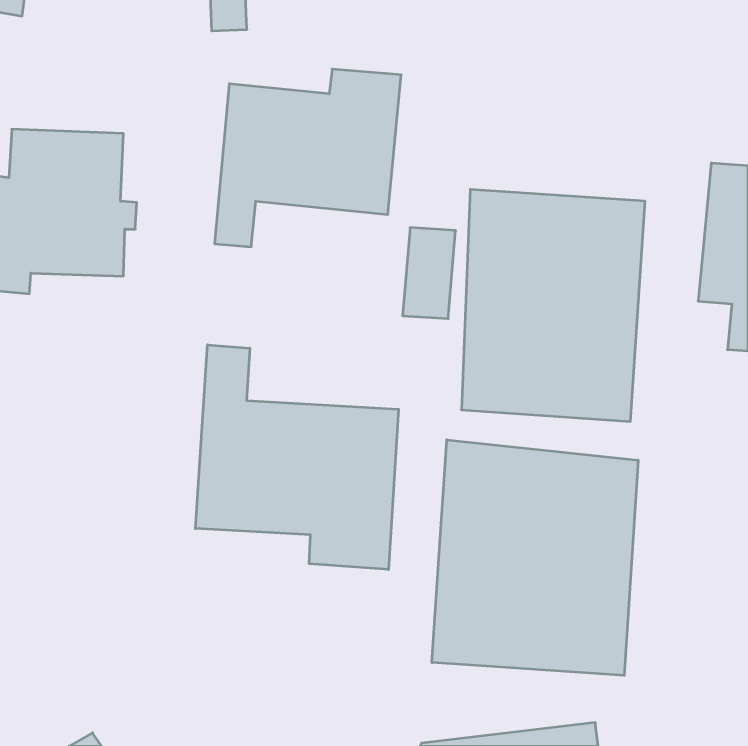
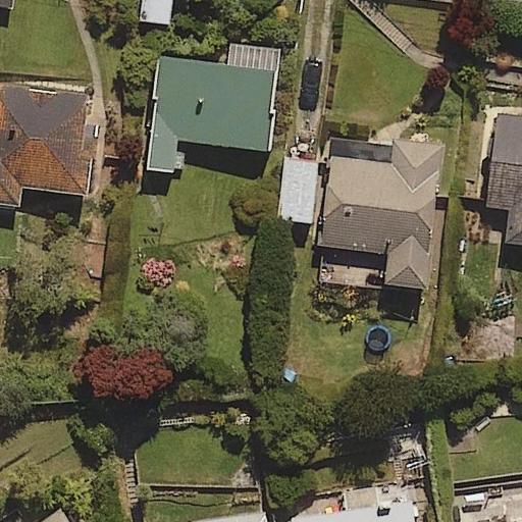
building: [195,345,399,570] -> none
building: [432,440,638,675] -> none

